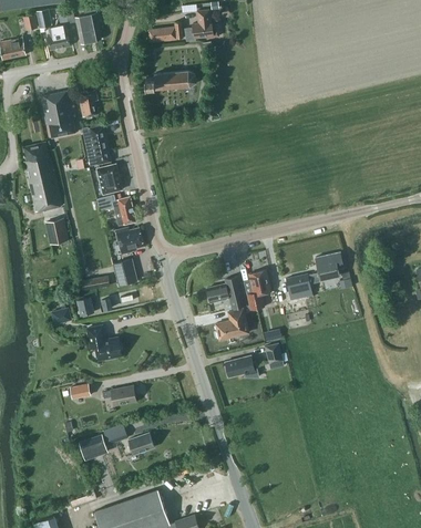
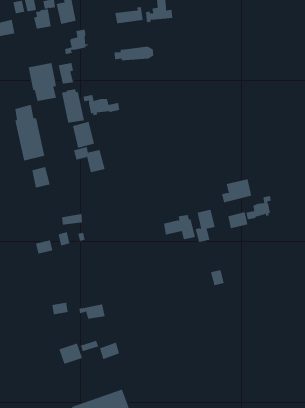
building: none -> [64,29,88,55]
building: none -> [83,94,120,116]
building: [115,228,144,255] -> none
building: none -> [222,178,252,203]
building: [113,259,137,287] -> none
building: [215,309,248,340] -> none
building: [88,325,121,361] -> none
building: [225,356,258,377] -> none

